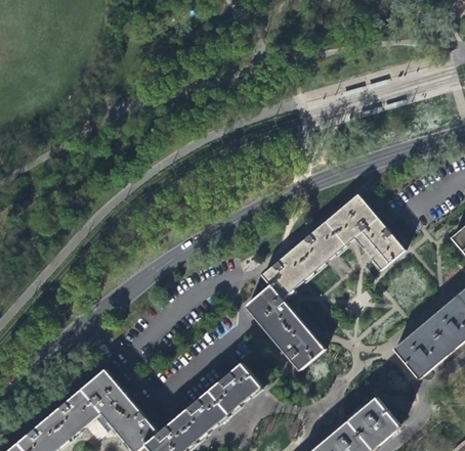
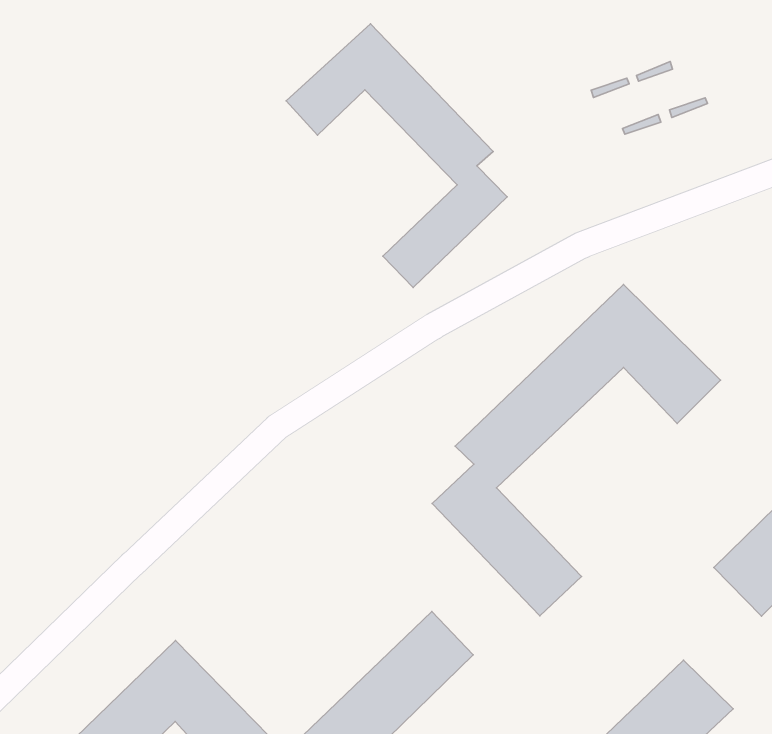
building: none -> [286,24,507,287]

